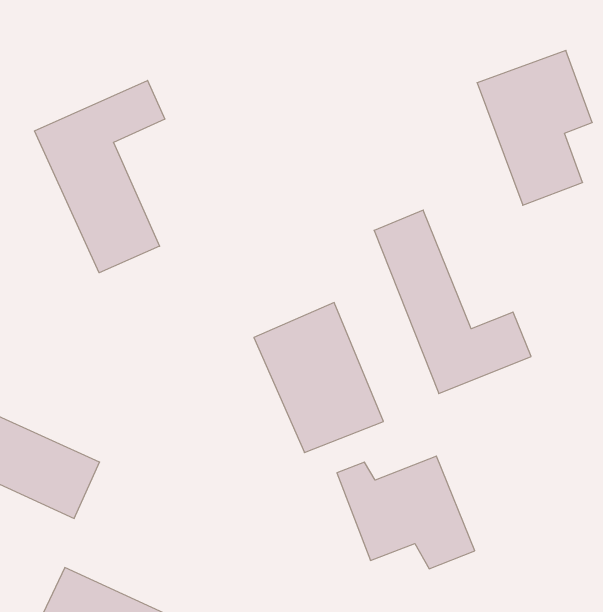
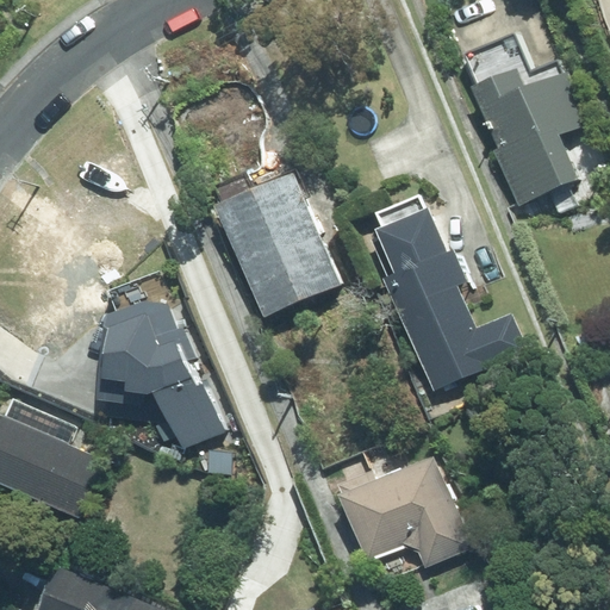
building: [35,80,165,273] -> none
building: [254,303,383,453] -> [212,167,341,316]
building: none -> [81,303,218,452]

